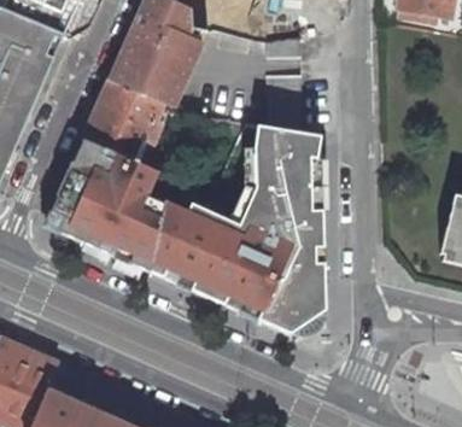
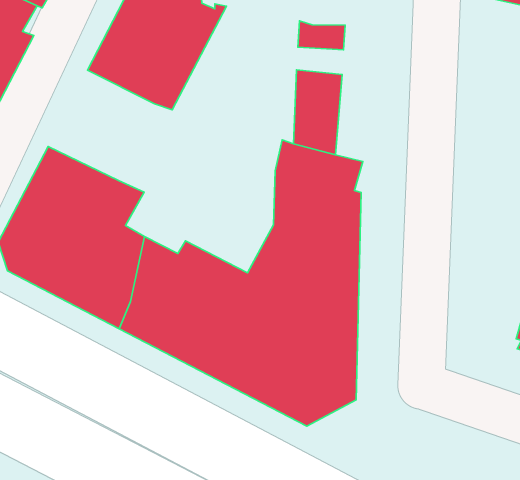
building: [84,78,160,158] -> none

